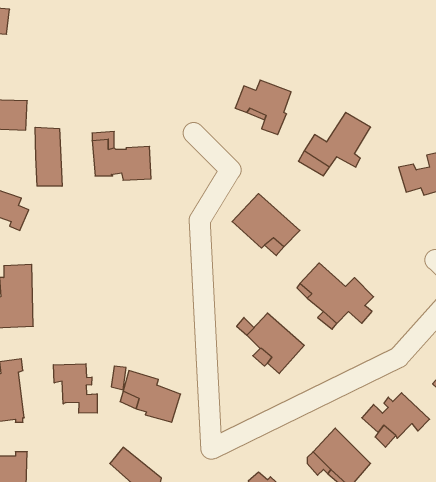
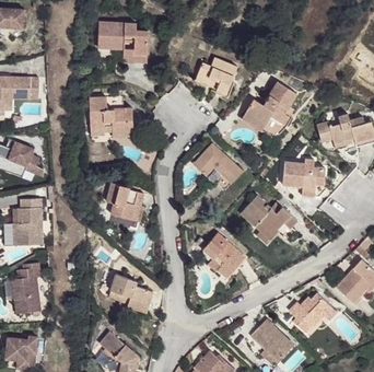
building: none -> [97,24,147,62]
building: [35,127,62,186] -> none
building: none -> [281,160,323,194]
building: none -> [105,185,143,222]
building: [53,364,97,413] -> none

